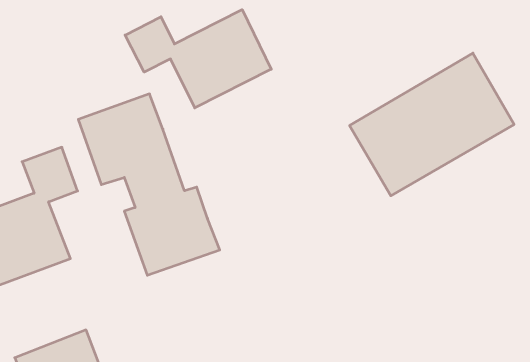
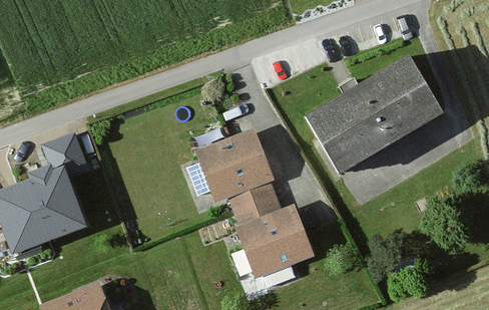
building: [125,10,271,108] -> none
building: [78,94,220,275] -> [191,126,309,277]

